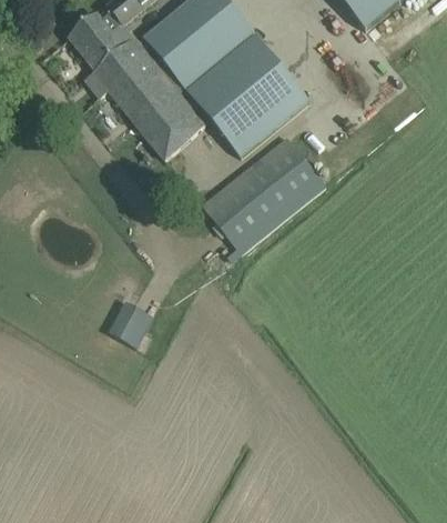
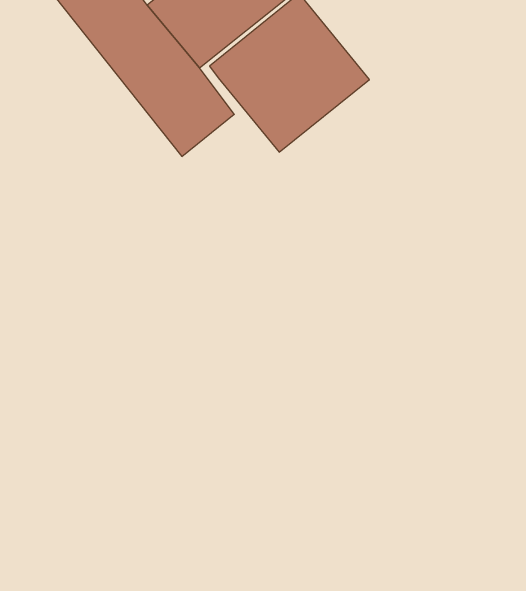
building: [201,133,325,252] -> none
building: [115,304,152,345] -> none

